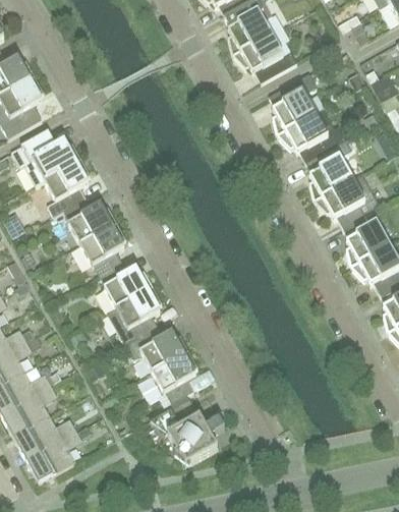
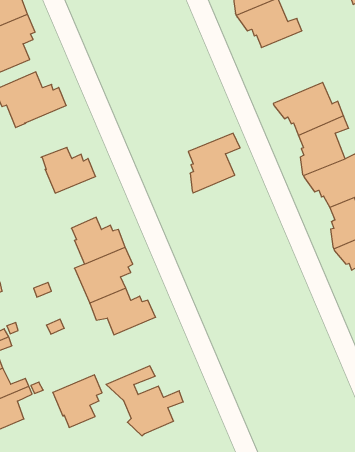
building: [268,73,317,134] -> [188,133,240,193]
building: [43,159,90,217] -> none
building: [79,223,125,275] -> none
building: [151,350,197,403] -> [53,375,102,427]

